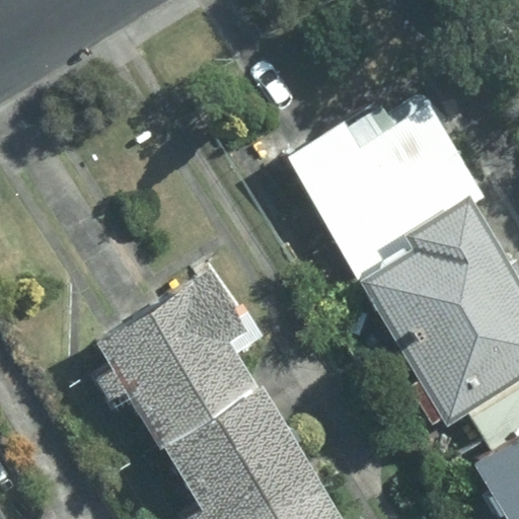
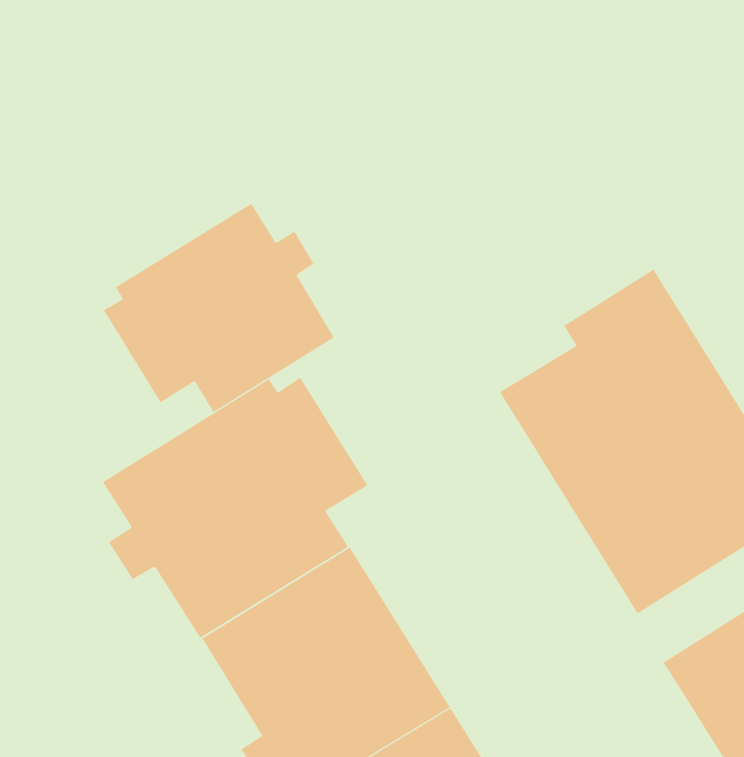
building: [276,100,484,272] -> none
building: none -> [103,203,335,413]

